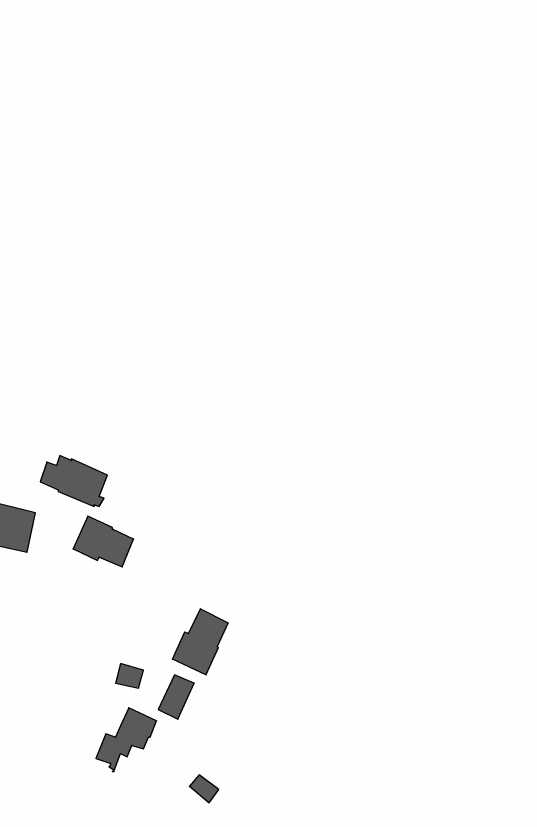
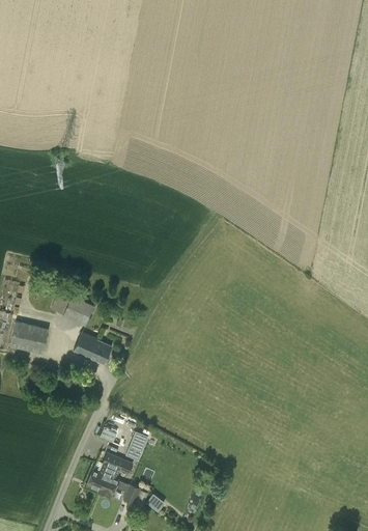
building: [172,609,228,675] -> none
building: none -> [98,477,141,505]

